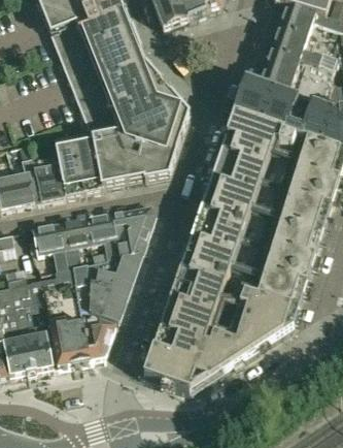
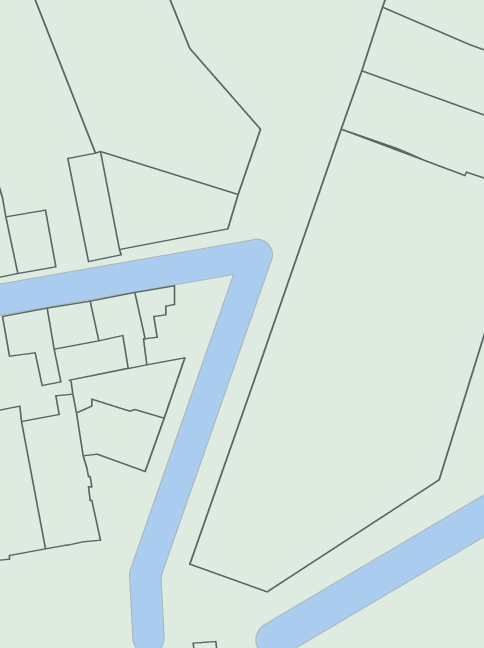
building: [54,131,84,196] -> none
building: [117,204,157,255] -> none
building: [83,316,116,360] -> none

